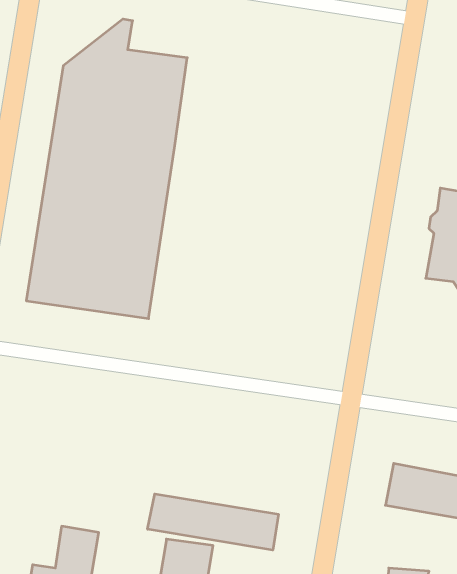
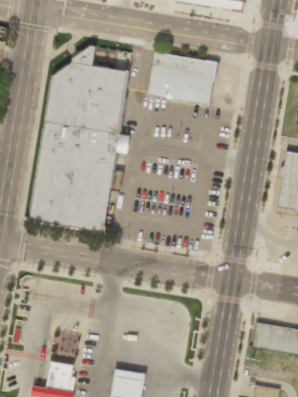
building: none -> [148,51,216,103]
building: [148,494,278,550] -> none

